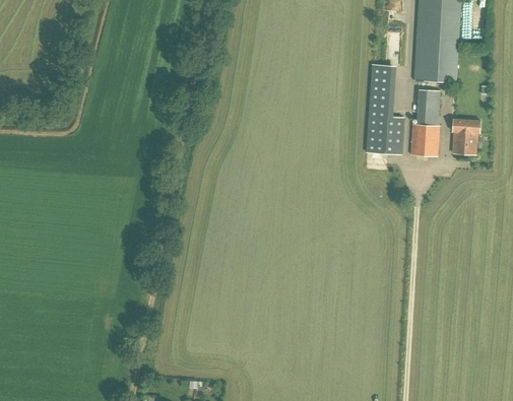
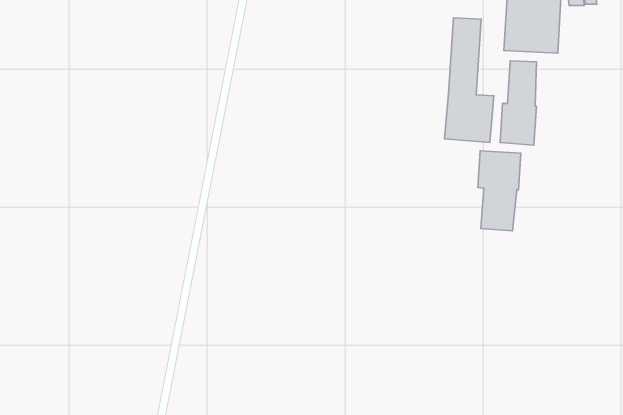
building: [452,118,480,154] -> none
building: none -> [478,151,521,231]

